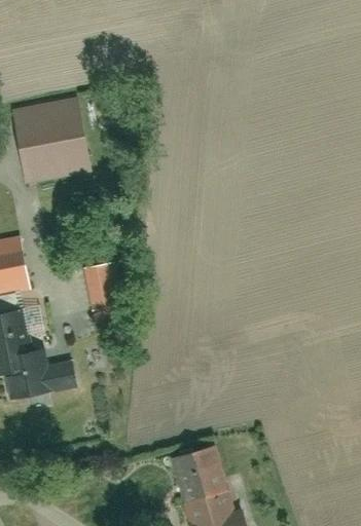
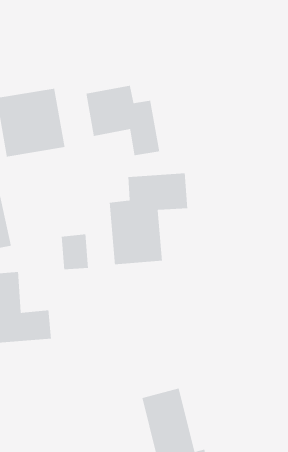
building: none -> [85,85,160,156]
building: none -> [109,172,188,265]

